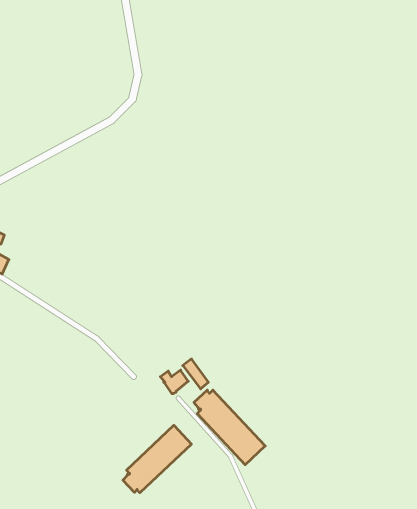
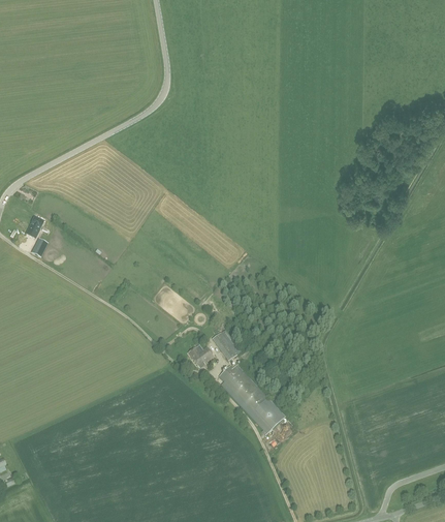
building: [123,425,191,493] -> none

